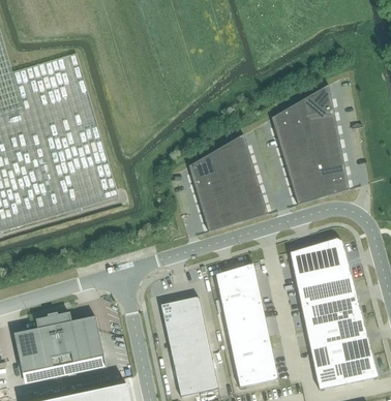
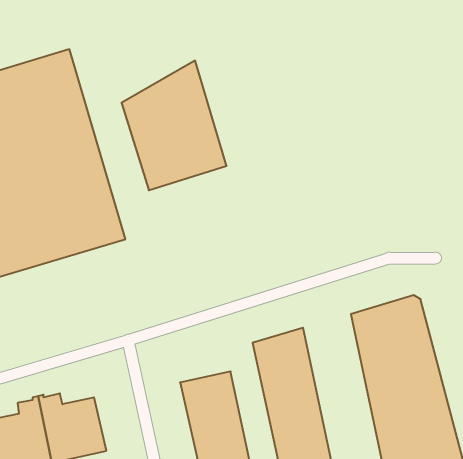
building: [271,85,350,206] -> none
building: [188,134,268,233] -> [121,61,227,190]

